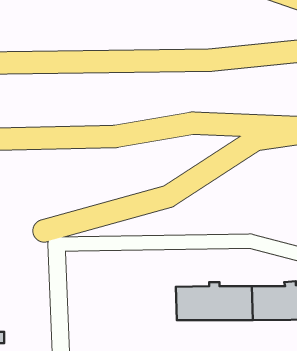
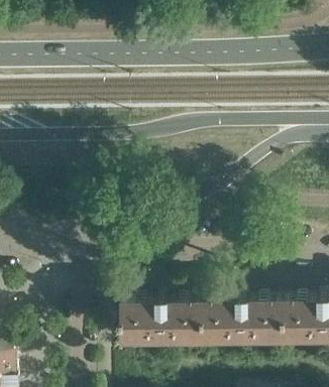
building: none -> [118,300,201,341]

